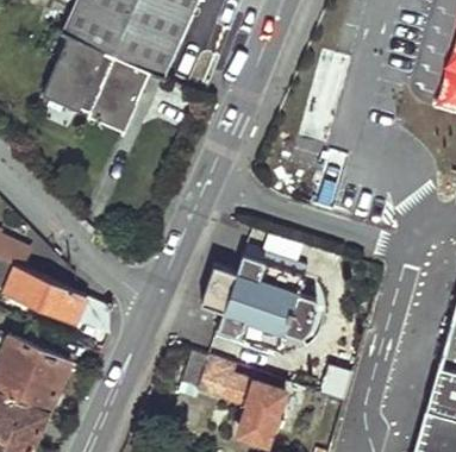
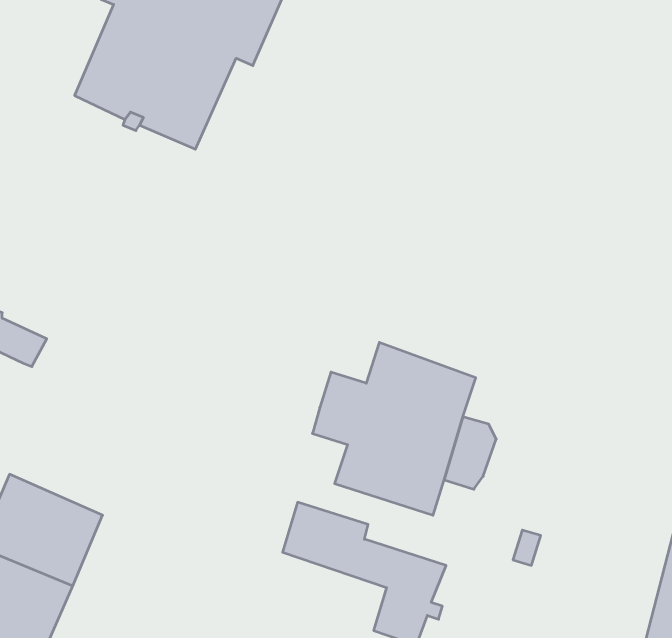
building: [6,265,115,331] -> none

